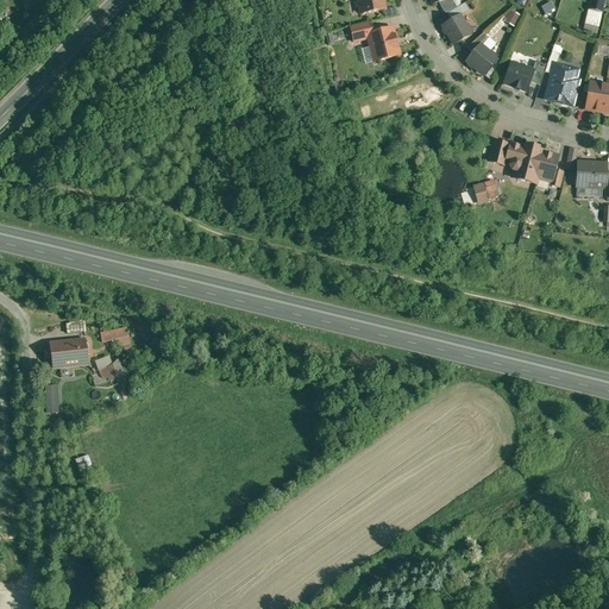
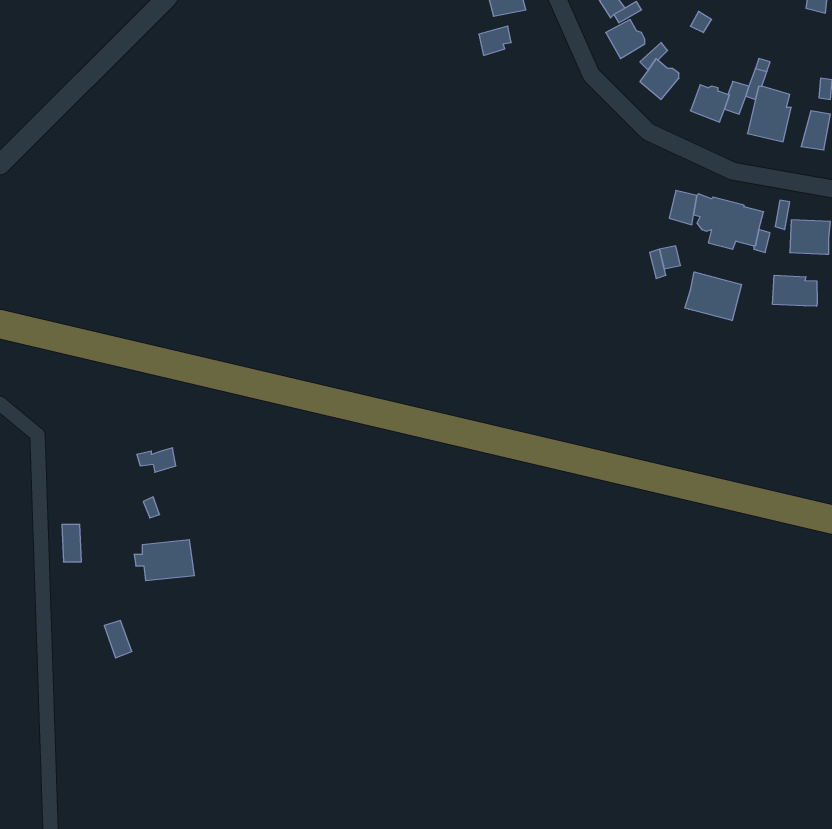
building: [368,26,398,58] -> none
building: none -> [685,272,741,321]
building: none -> [773,275,817,306]
building: [44,338,88,368] -> [134,540,194,581]

